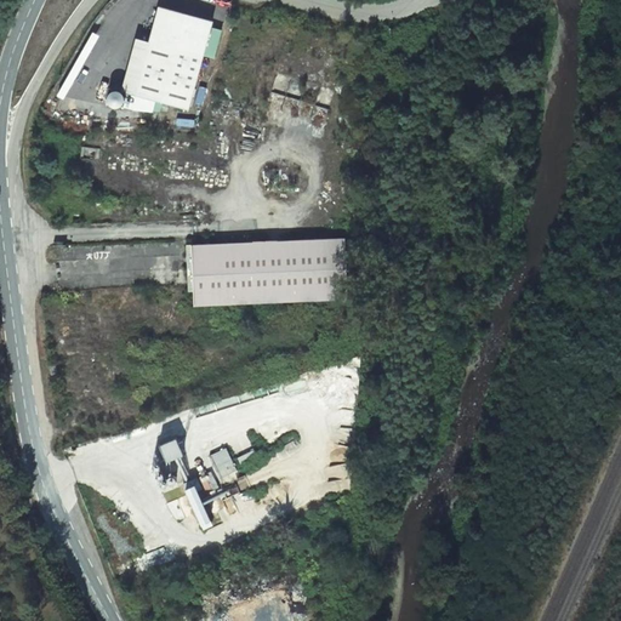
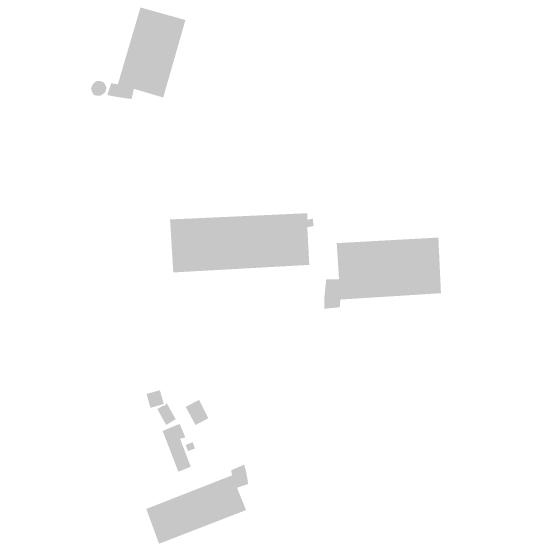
building: none -> [323,237,442,309]
building: none -> [145,464,249,545]

